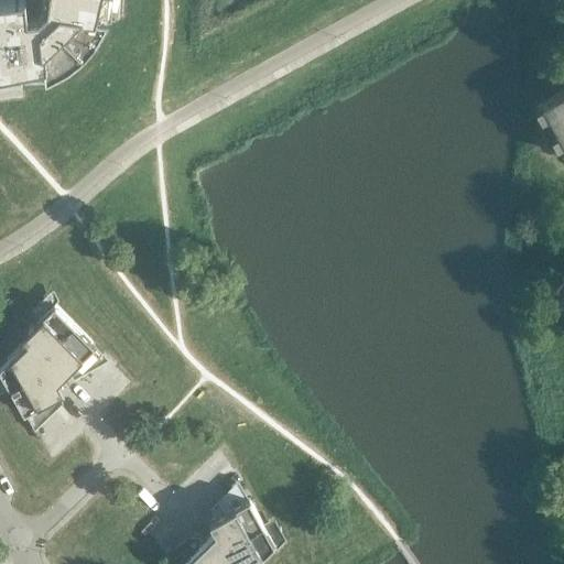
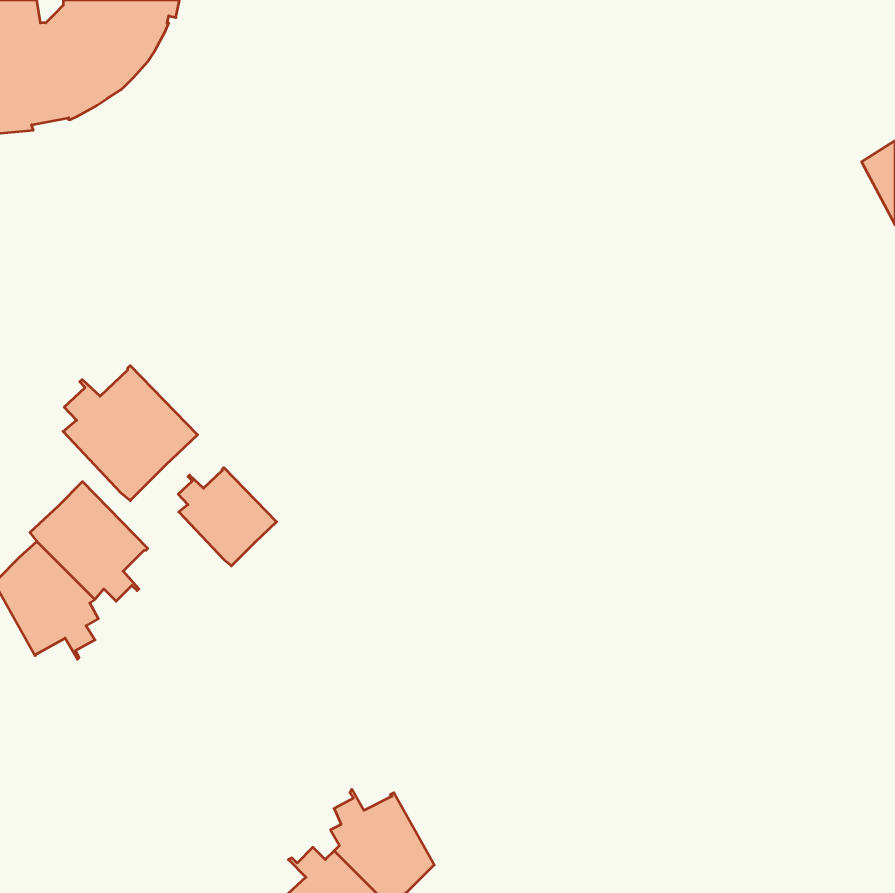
building: none -> [63,366,198,501]
building: none -> [178,468,277,566]

